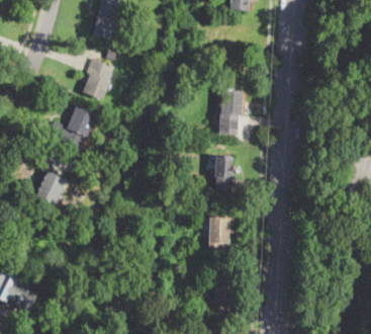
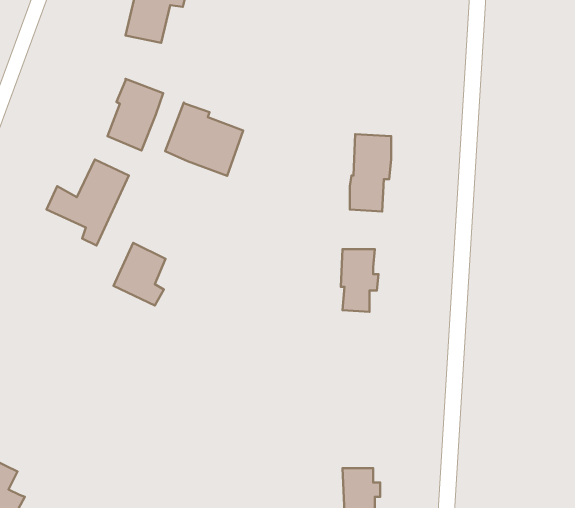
building: none -> [165,102,243,176]
building: [35,172,65,207] -> [114,243,166,306]
building: [209,220,228,250] -> none

